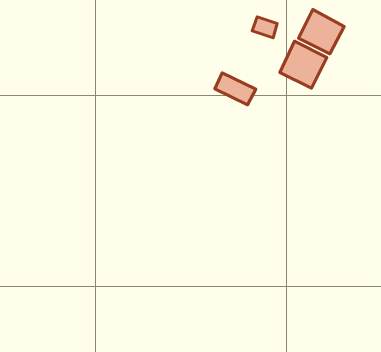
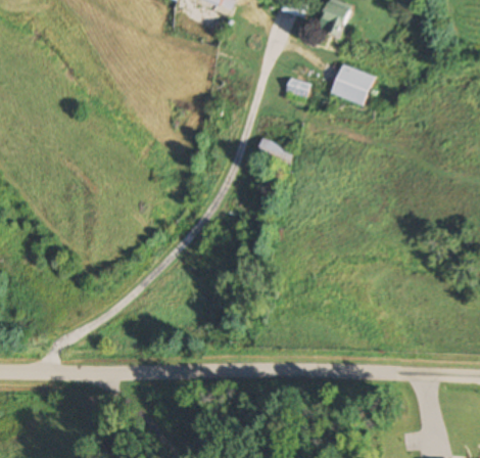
building: [280,41,327,88] -> none

